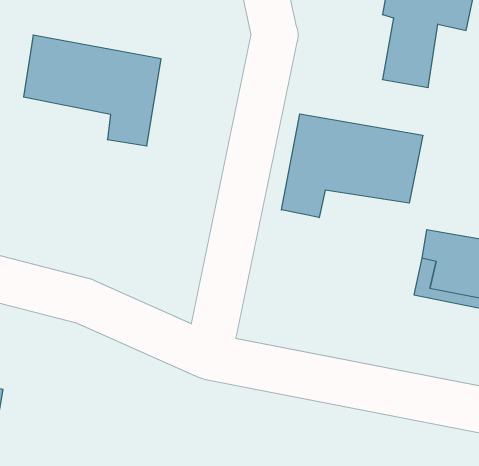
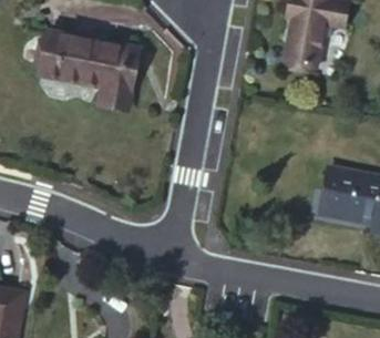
building: [281,114,423,218] -> none

